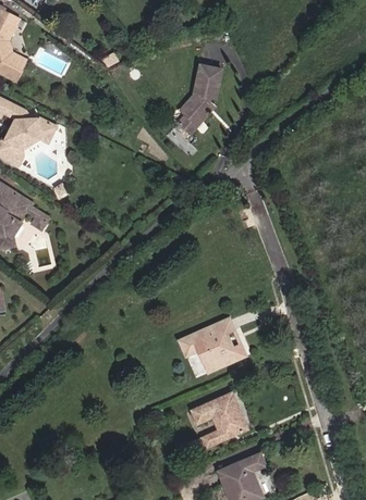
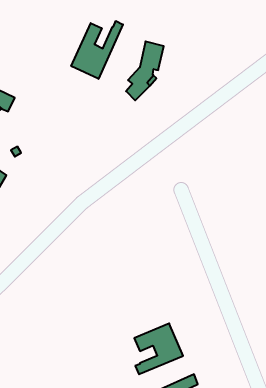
building: none -> [71,21,123,79]
building: [175,318,242,372] -> none

